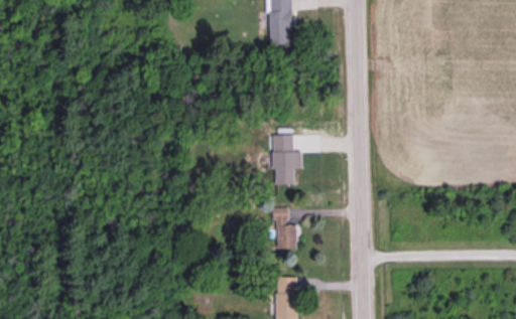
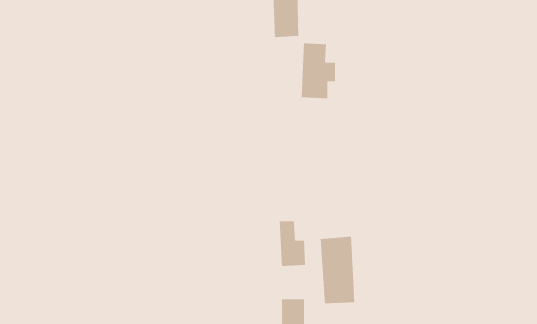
building: [271,135,302,185] -> [301,43,336,99]
building: none -> [320,236,355,304]

